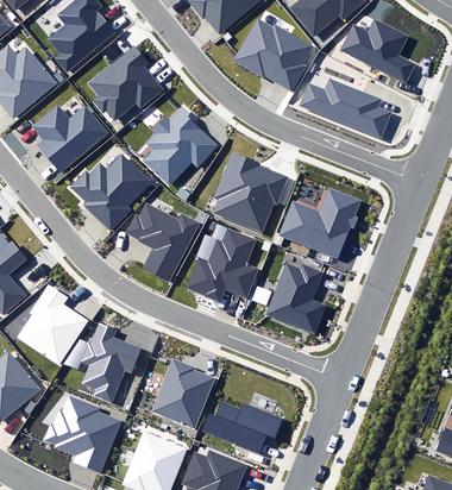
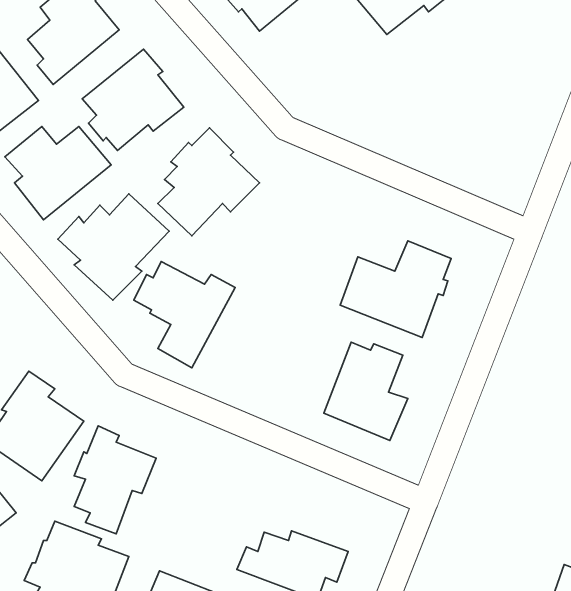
building: [233,18,314,92] -> none
building: [340,19,415,83] -> none
building: [299,78,393,140] -> none
building: [214,152,288,231] -> none
building: [187,228,258,301] -> none
building: [152,359,215,429] -> none

